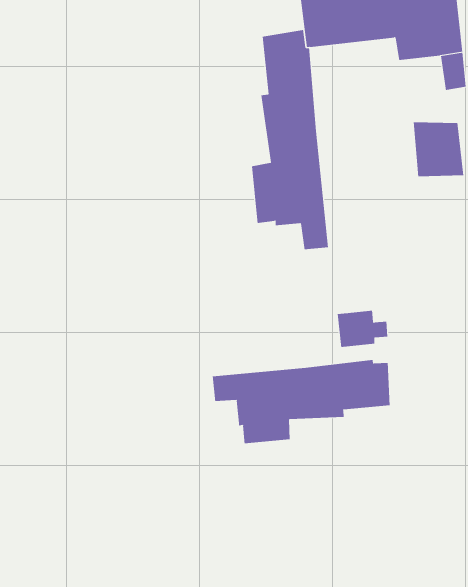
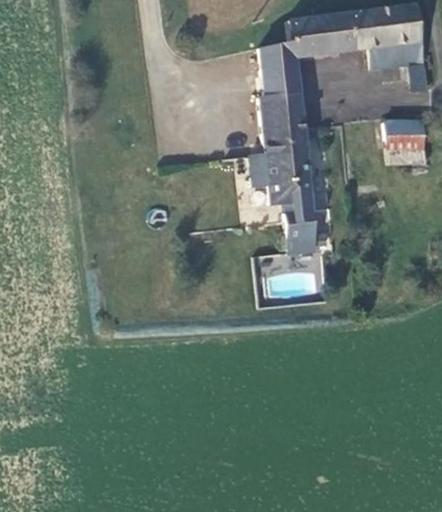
building: [337,310,388,347] -> [285,224,328,255]
building: [212,359,390,444] -> none

